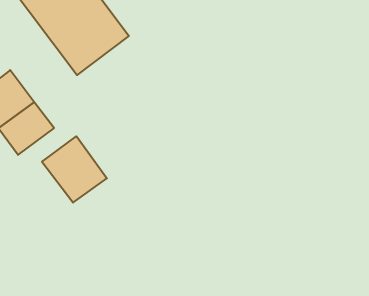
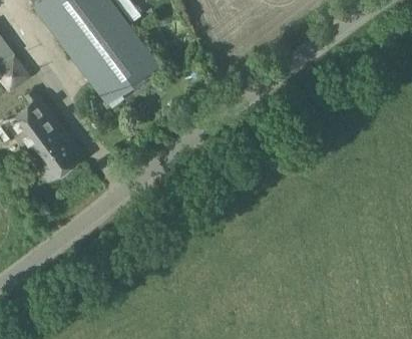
building: [42,136,107,203] -> none

